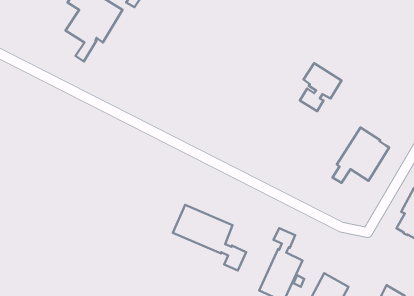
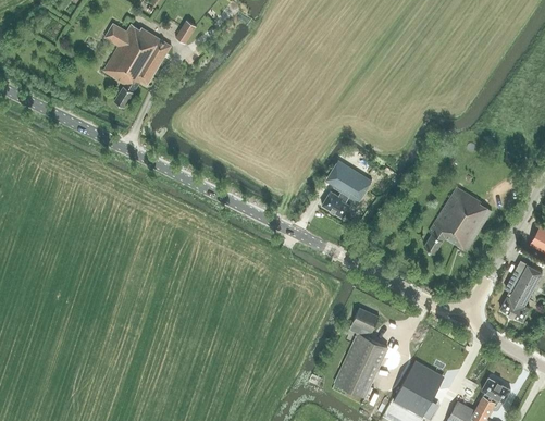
building: [300,63,341,111] -> [322,160,372,218]
building: [173,205,246,271] -> none

